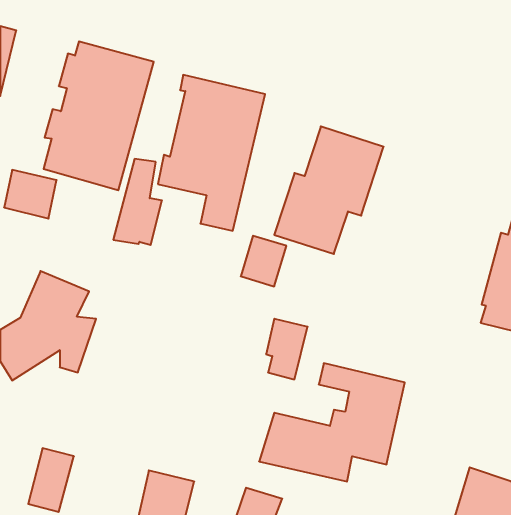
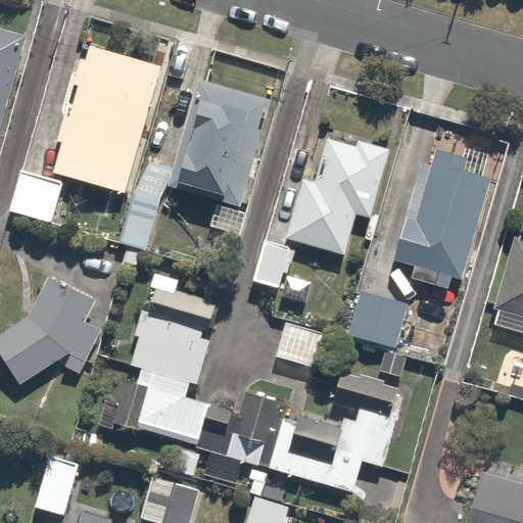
building: none -> [391,128,494,290]
building: none -> [97,272,287,468]
building: none -> [346,294,409,347]

